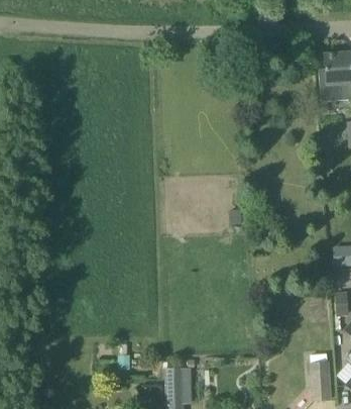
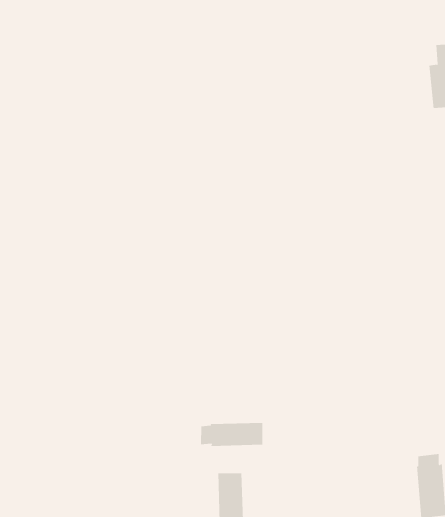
building: none -> [200,422,263,447]

